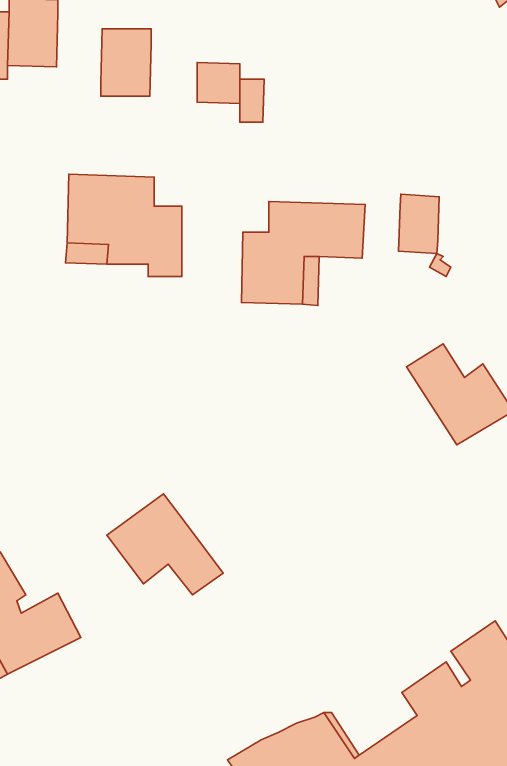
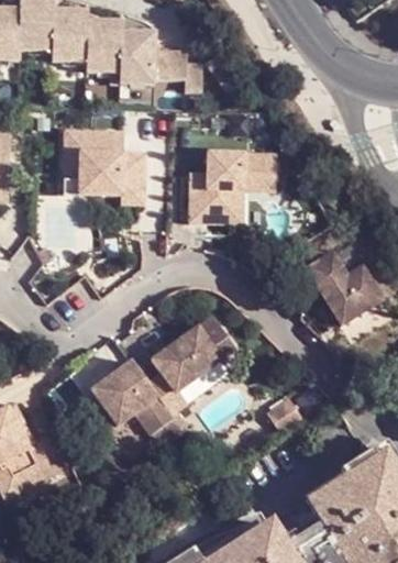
building: none -> [54,14,88,64]
building: none -> [122,36,157,86]
building: [399,194,439,254] -> none
building: none -> [148,324,222,412]

